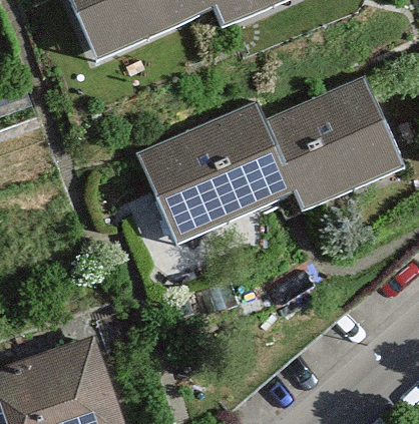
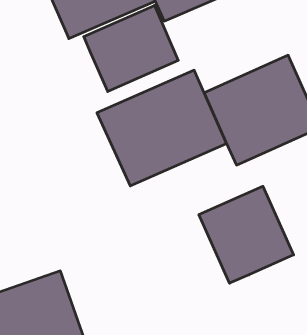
building: none -> [84,5,178,92]
building: none -> [199,186,294,283]

